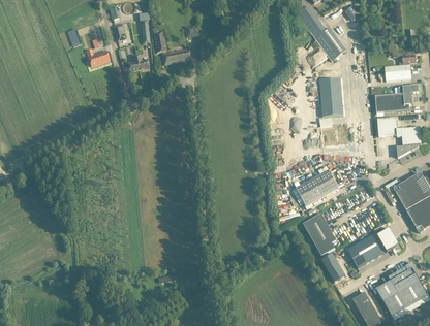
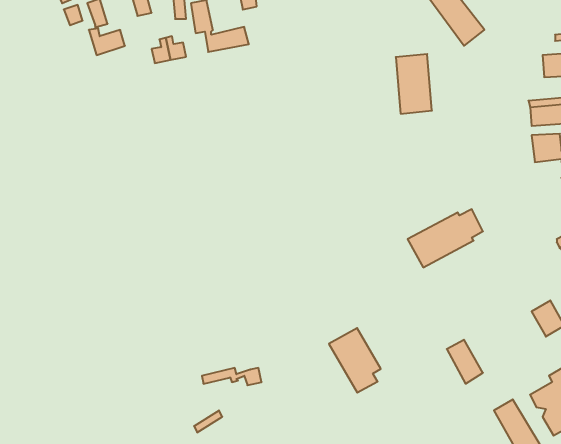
building: [318,77,342,117] -> [396,54,432,114]
building: [302,213,336,255] -> [329,328,381,393]
building: [346,235,382,267] -> none

